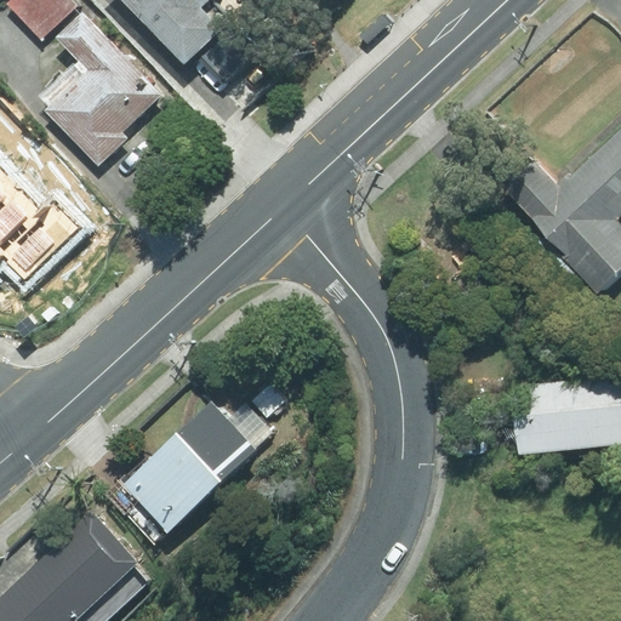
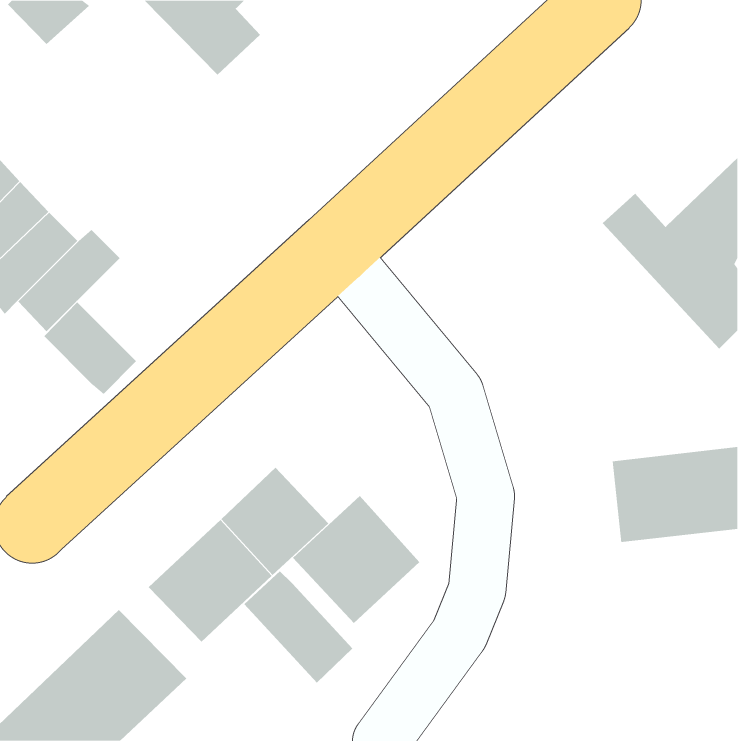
building: [36,11,159,165] -> none
building: none -> [43,301,137,395]
building: none -> [292,495,420,624]
building: none -> [244,571,353,683]

